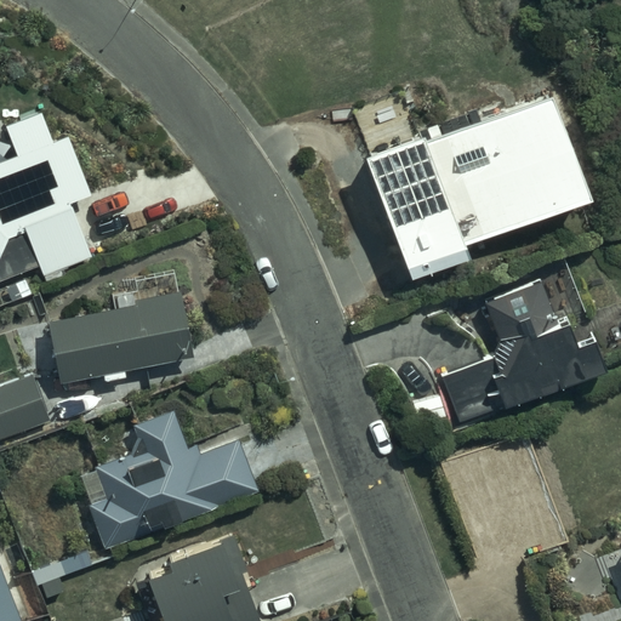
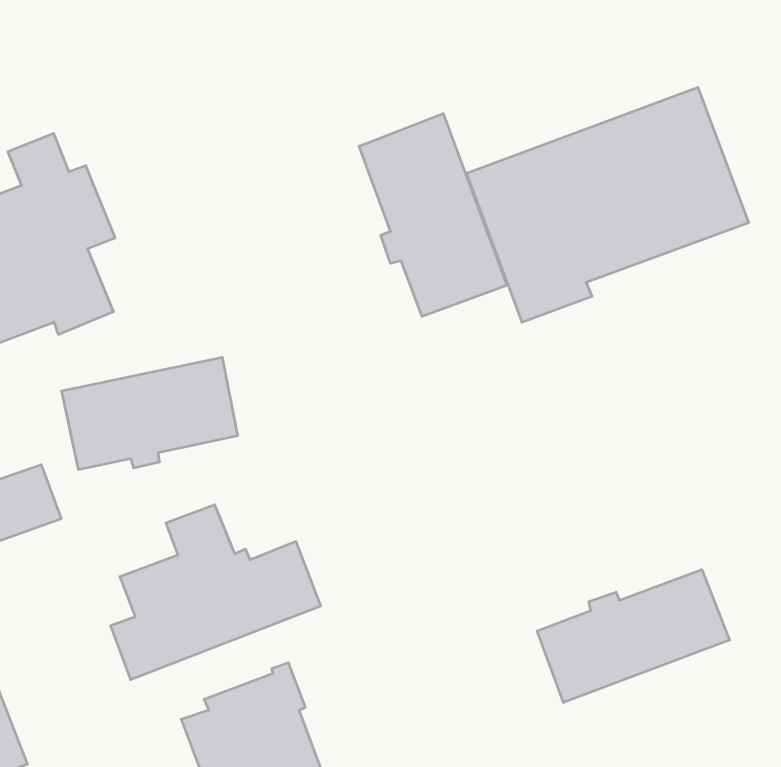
building: none -> [359,114,507,316]
building: [445,284,604,421] -> none
building: none -> [537,570,729,703]

